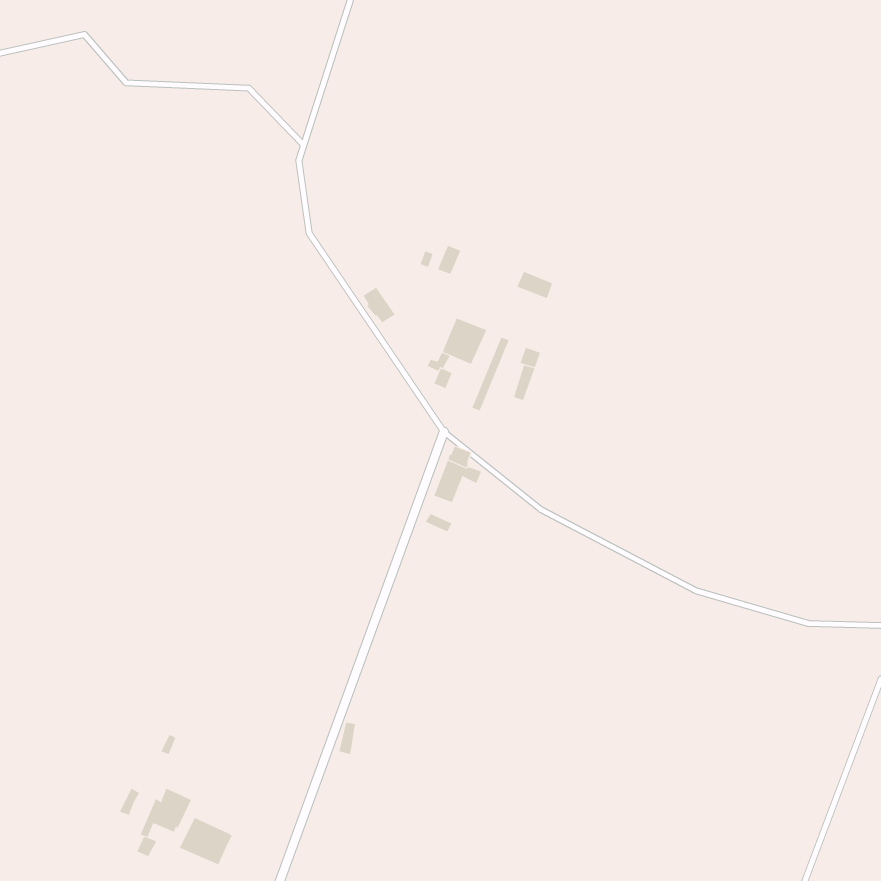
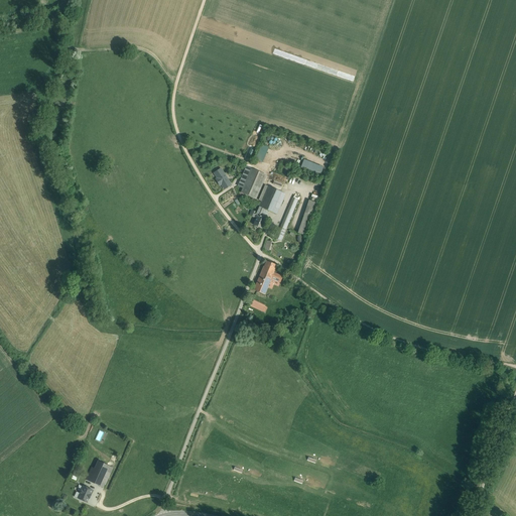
building: none -> [240,168,265,198]
building: [179,817,233,865] -> none

